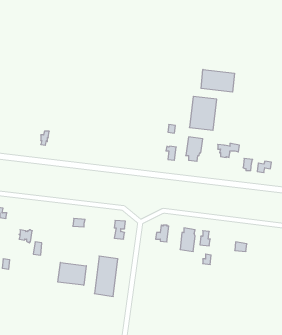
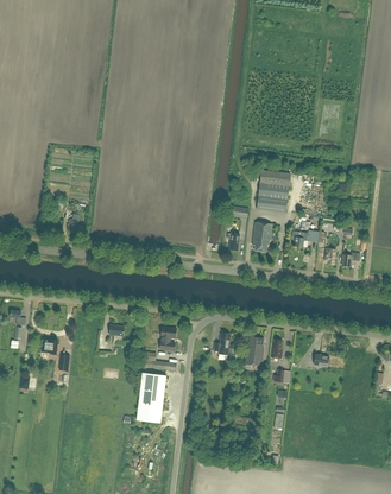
building: [201,69,234,92] -> none
building: [58,262,86,285] -> none

